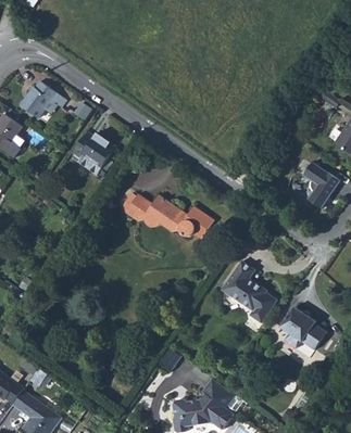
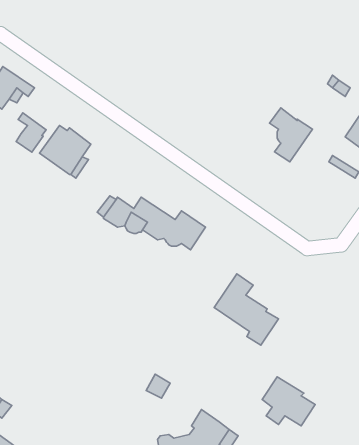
building: none -> [16,113,46,152]
building: [302,162,339,208] -> [270,108,312,162]
building: [279,307,325,349] -> [262,377,315,426]

